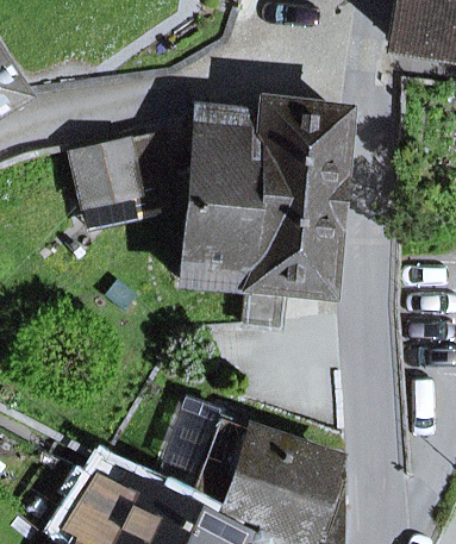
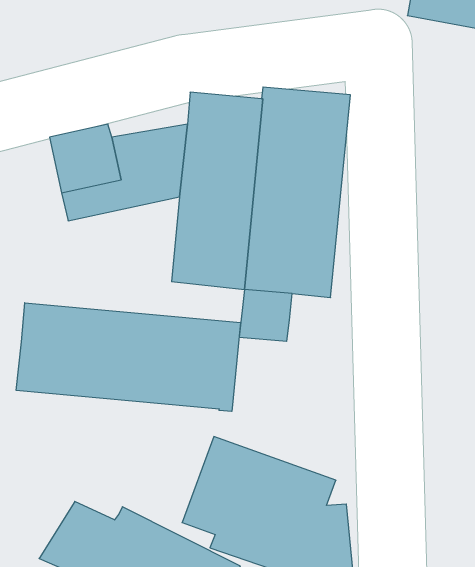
building: none -> [16,303,241,411]

